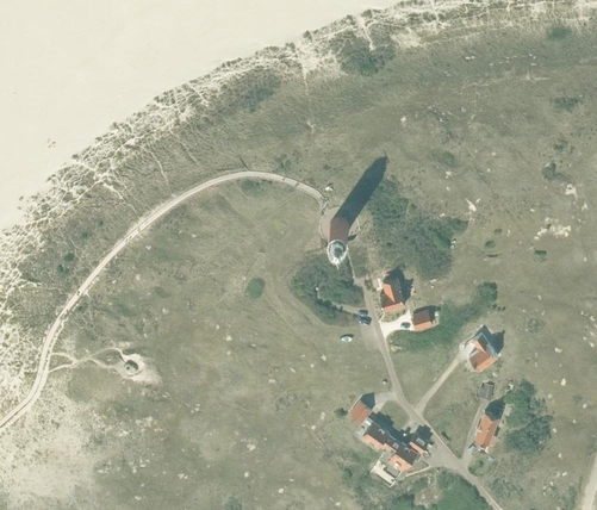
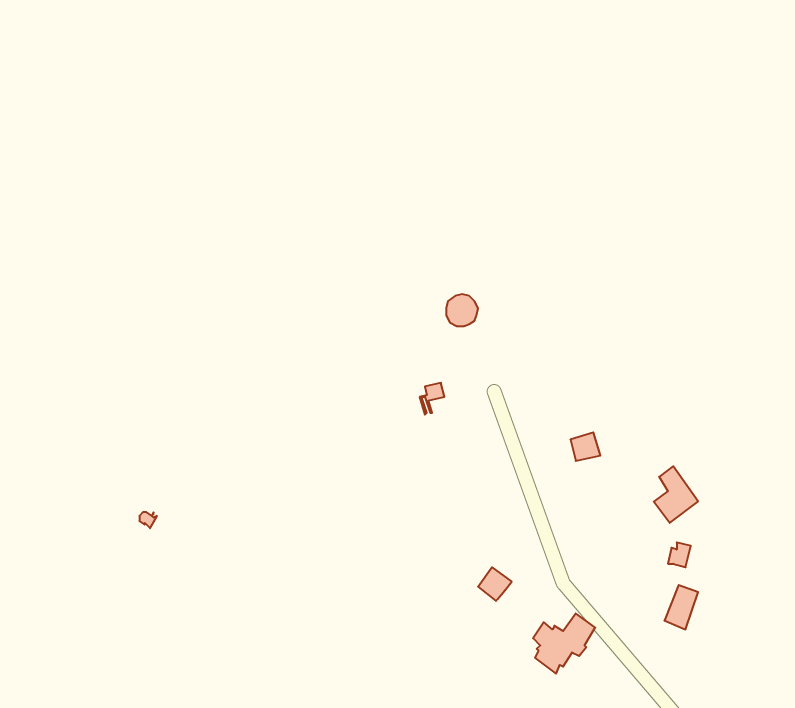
building: [379,279,404,312] -> none
building: [361,417,393,449] -> none

